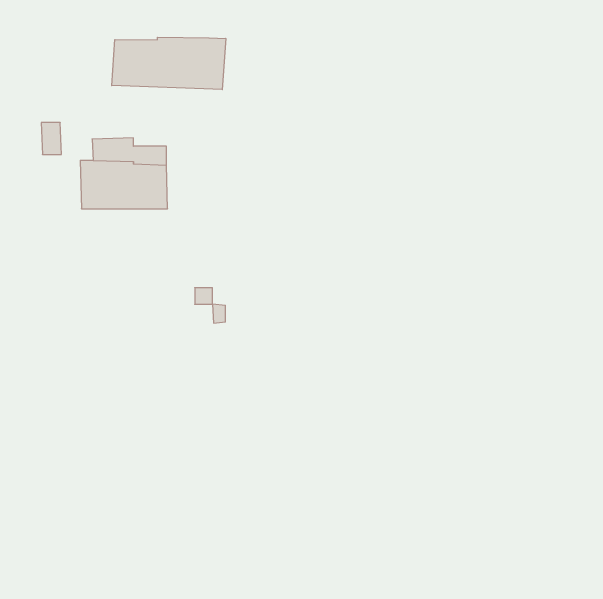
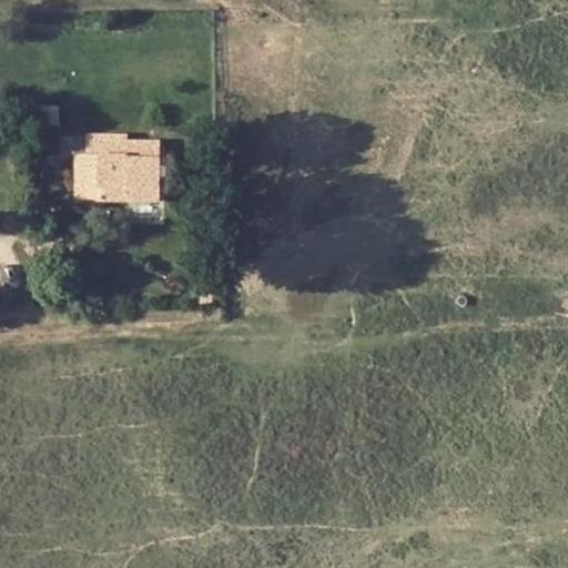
building: [112,37,226,90] -> none

